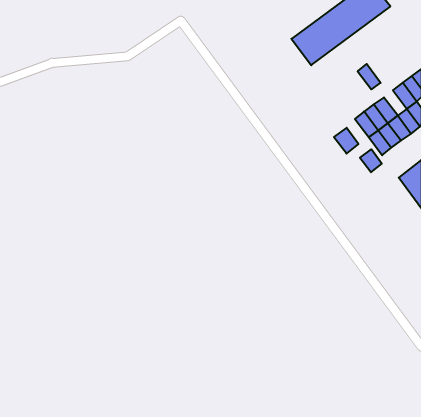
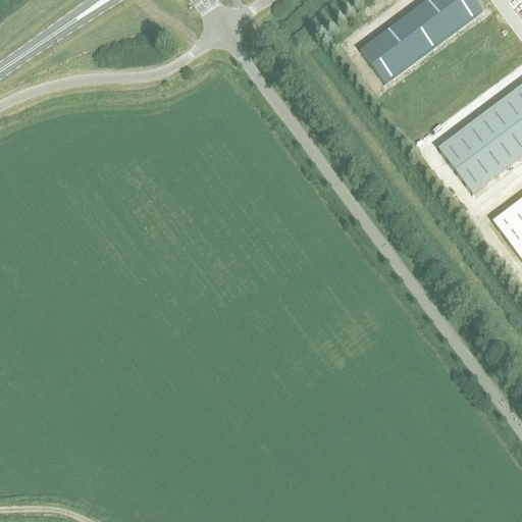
building: [358,64,381,89] -> [475,111,504,143]
building: [334,128,358,154] -> none
building: [360,149,382,172] -> none

